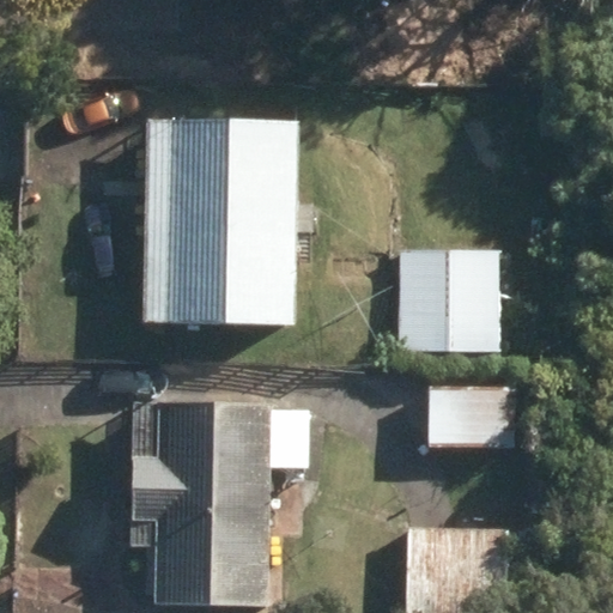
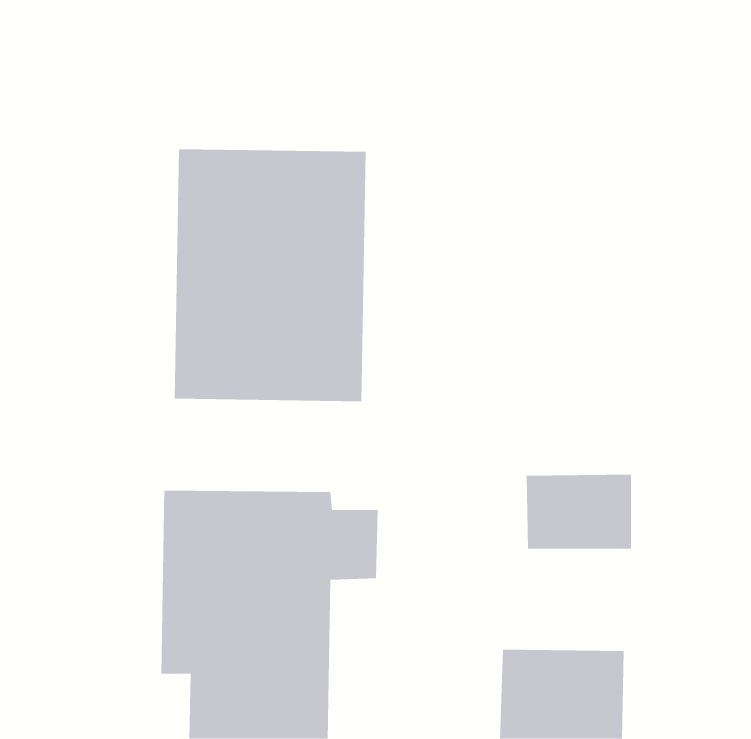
building: [400,249,498,348] -> none

